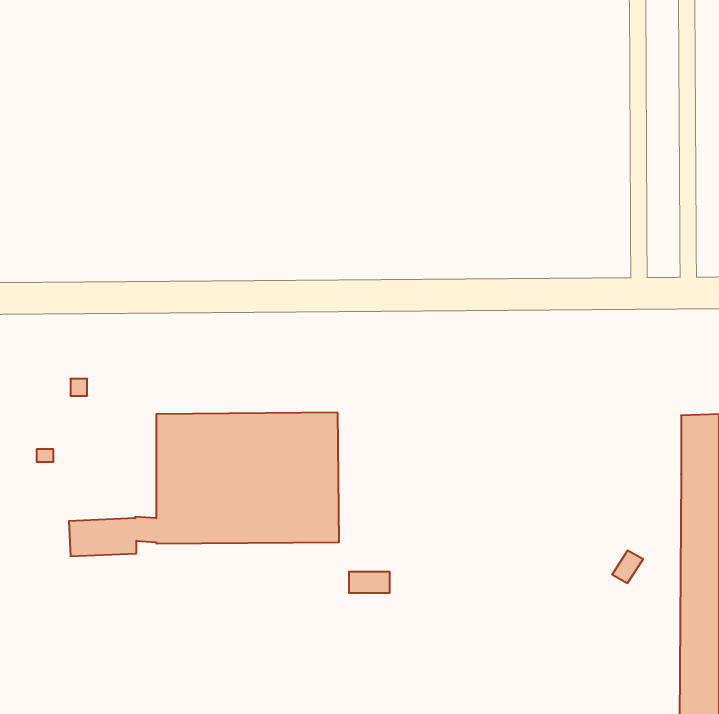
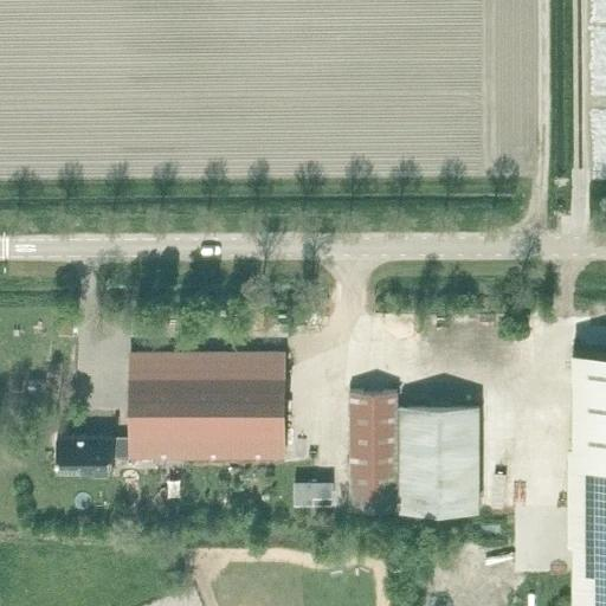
building: none -> [350,391,481,512]

